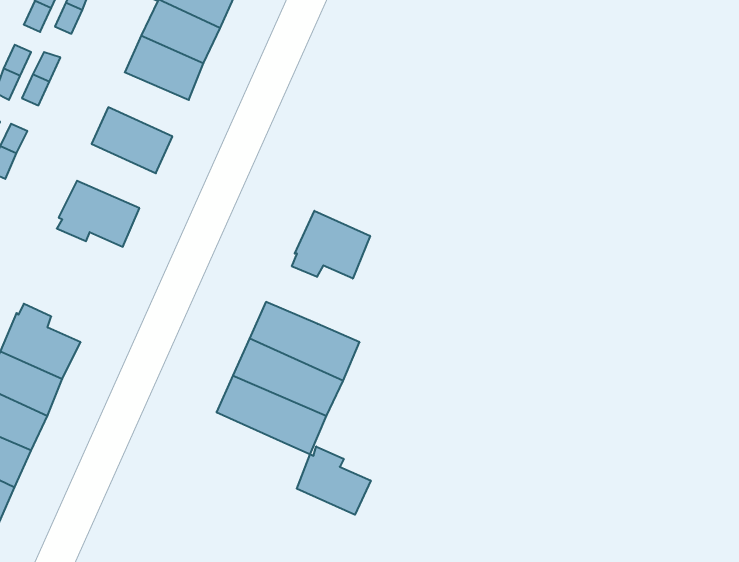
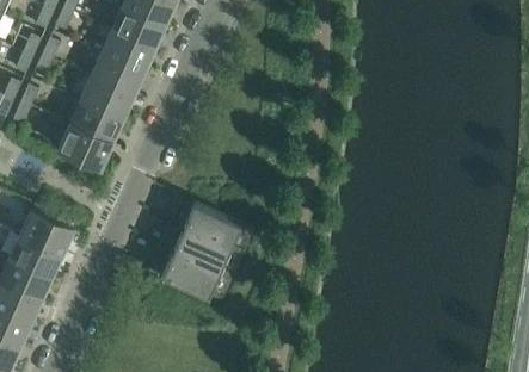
building: none -> [91,54,143,95]
building: none -> [70,100,122,142]
building: [292,211,370,279] -> none
building: [297,446,371,515] -> none

